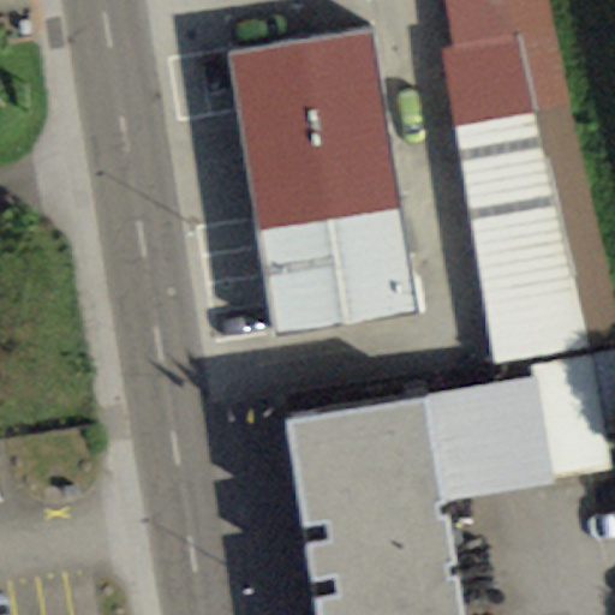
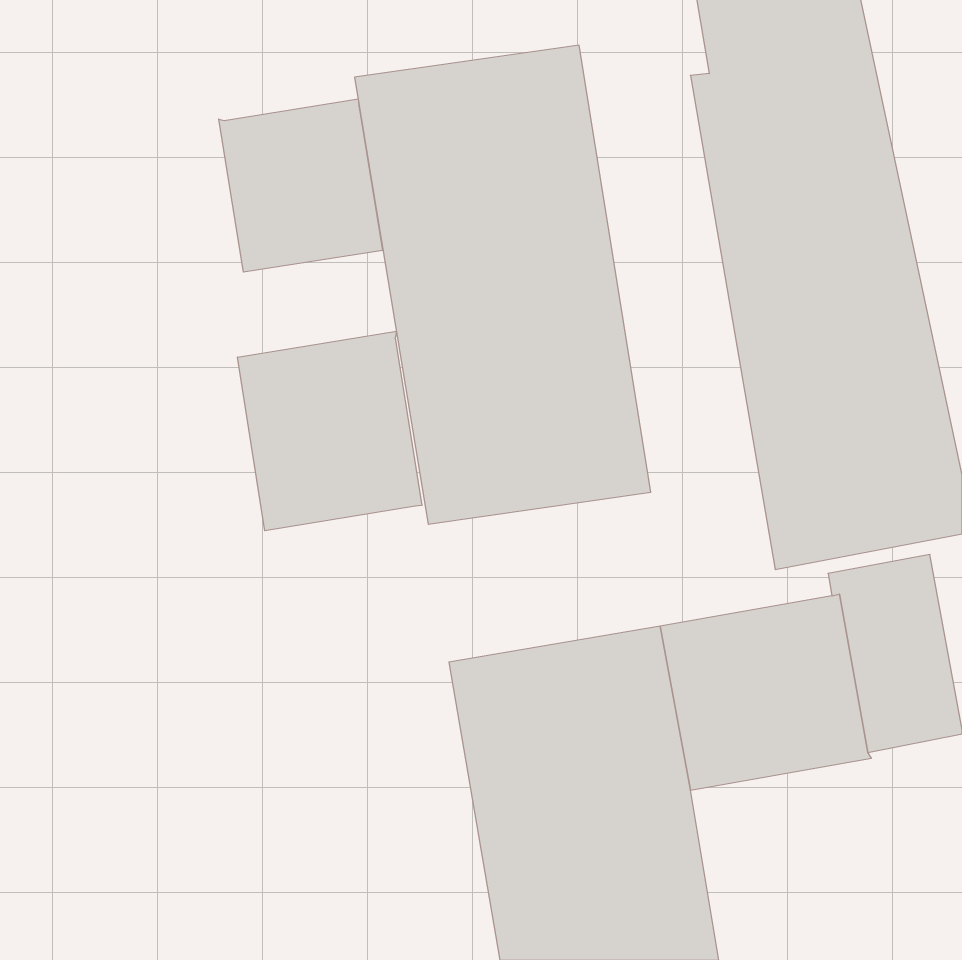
building: none -> [219,99,382,272]
building: none -> [238,331,422,531]

